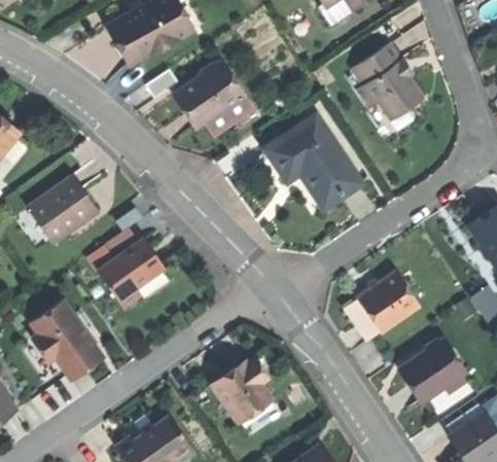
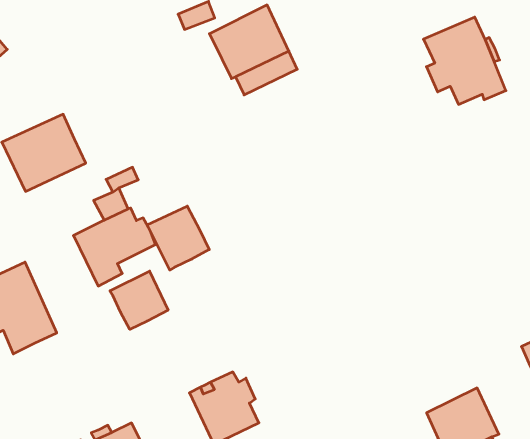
building: [265,115,363,211] -> none
building: none -> [147,206,209,270]
building: [356,272,418,333] -> none
building: none -> [110,271,168,329]

